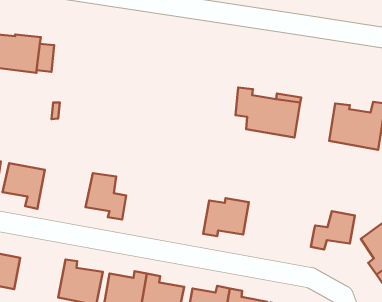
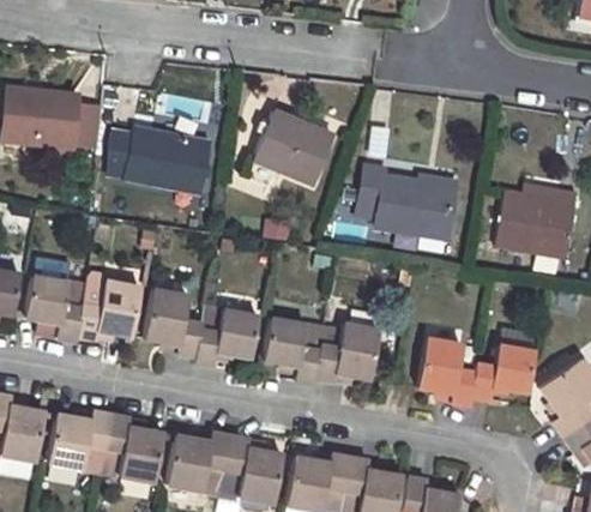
building: none -> [255,109,333,181]
building: none -> [107,125,209,191]
building: none -> [76,273,141,339]
building: none -> [195,307,258,366]
building: none -> [261,320,322,384]
building: none -> [416,339,475,406]
building: none -> [53,411,115,470]

